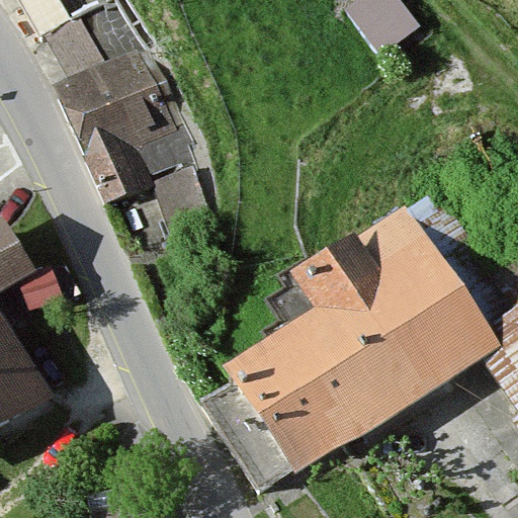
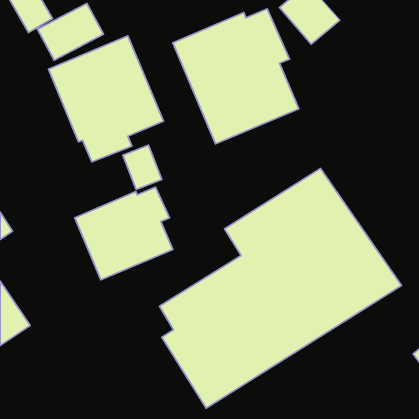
building: none -> [173,9,299,144]
building: none -> [75,187,173,280]

